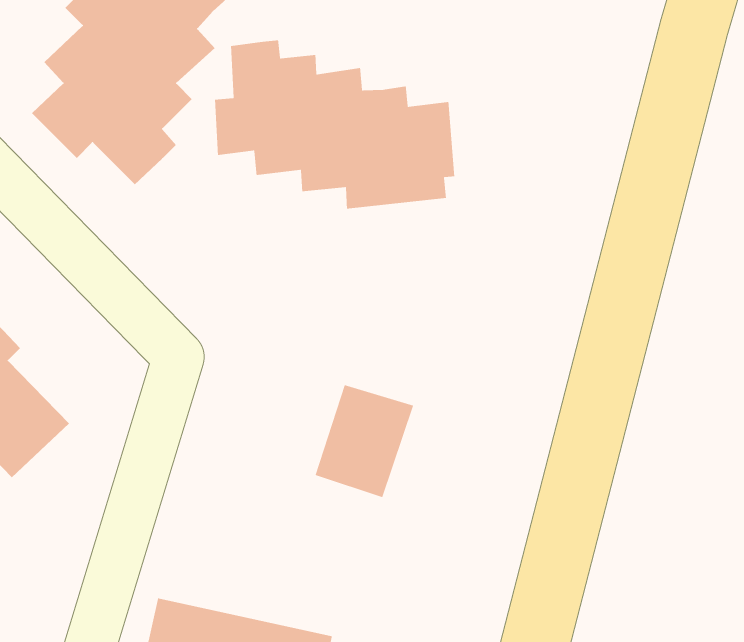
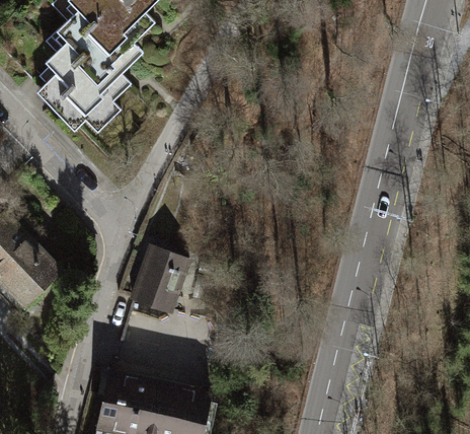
building: [214,39,455,209] -> none
building: [314,384,414,498] -> [132,246,189,312]

